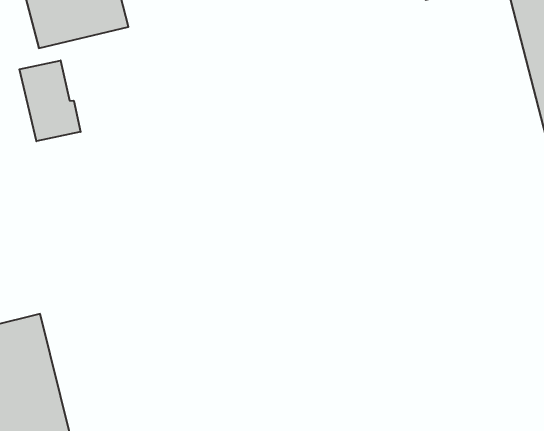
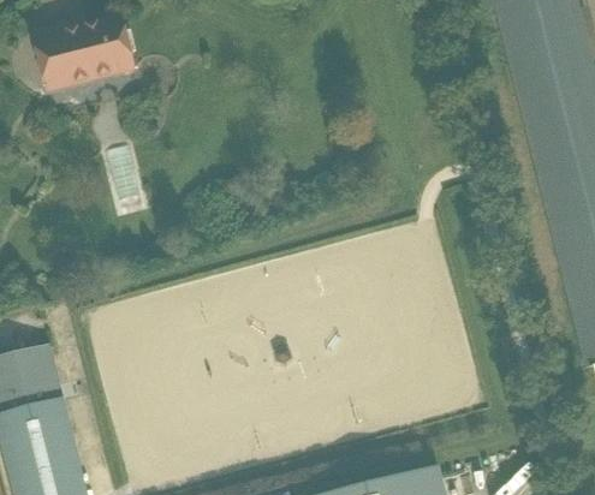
building: [19,60,81,141] -> none

